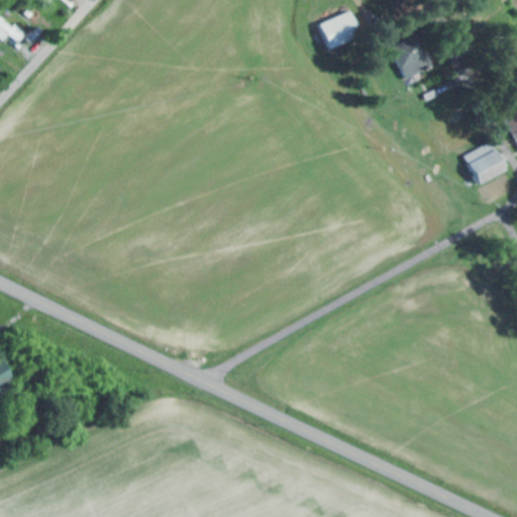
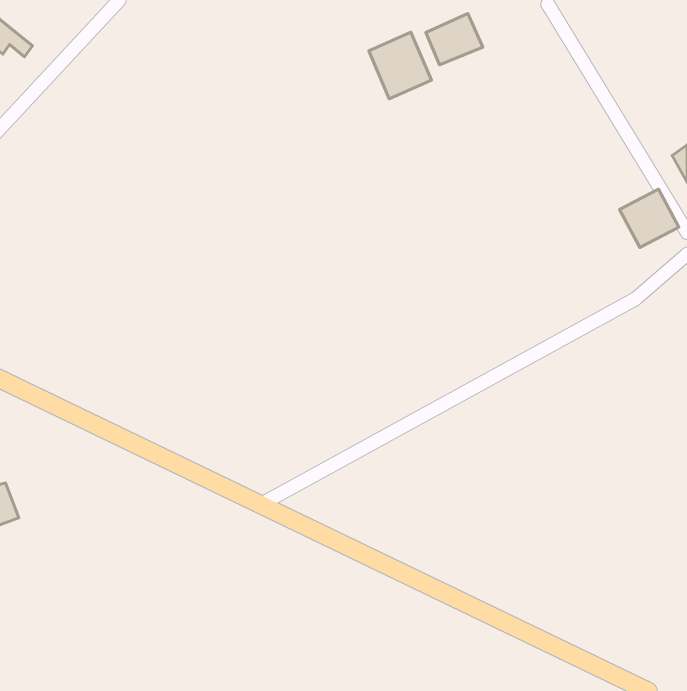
building: none -> [369,32,431,99]
building: [391,35,430,77] -> none

